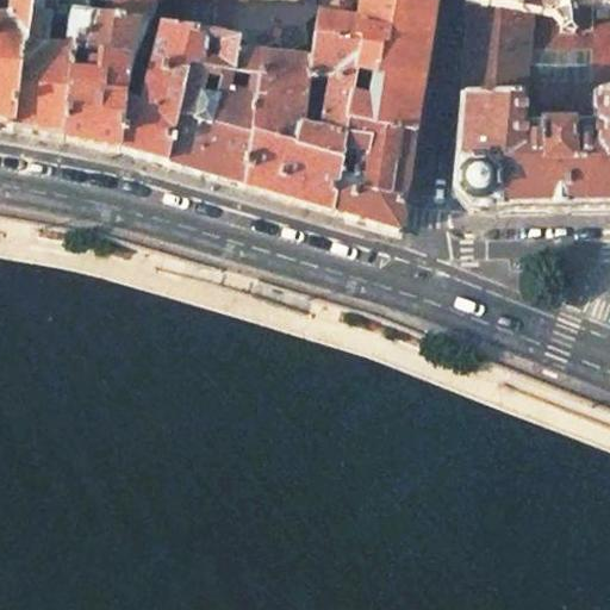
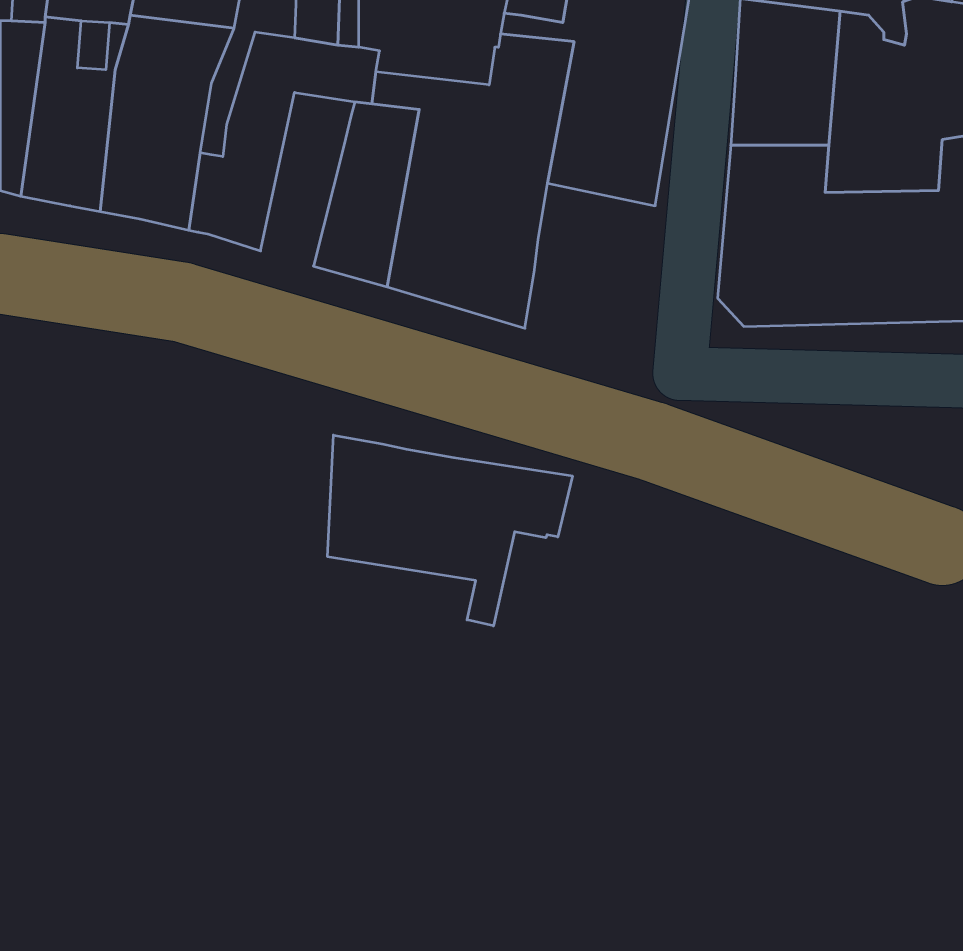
building: [166,58,225,168] -> none
building: [332,116,415,226] -> none
building: none -> [328,435,572,626]

